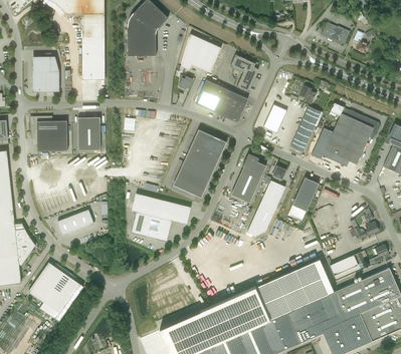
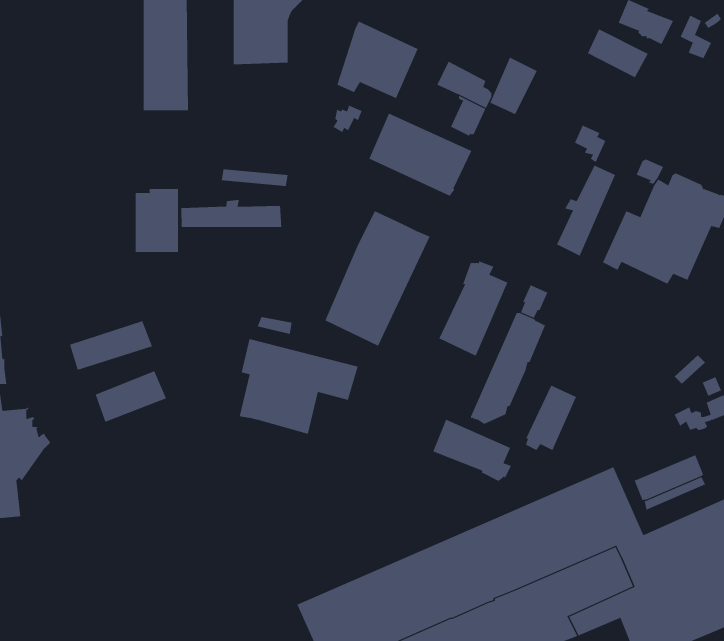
building: none -> [587,29,649,78]
building: [32,56,59,92] -> none
building: [263,104,287,133] -> [490,57,537,115]
building: [31,116,67,151] -> none
building: none -> [181,199,282,228]
building: [292,178,319,211] -> [525,385,577,451]
building: none -> [433,419,512,482]
building: [28,263,84,322] -> none

